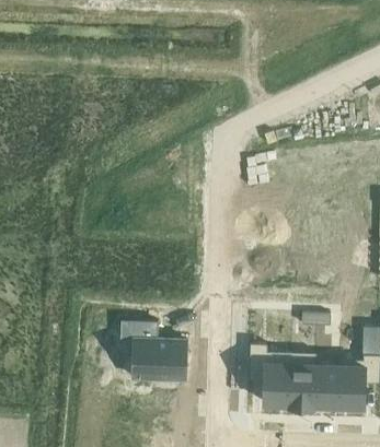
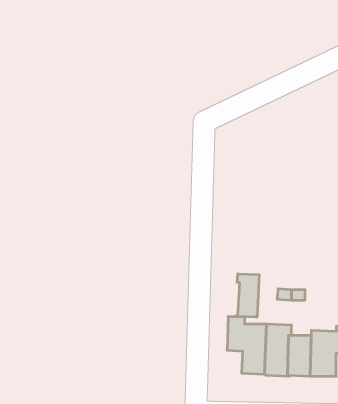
building: none -> [236,274,259,317]
building: [127,322,184,380] -> none

